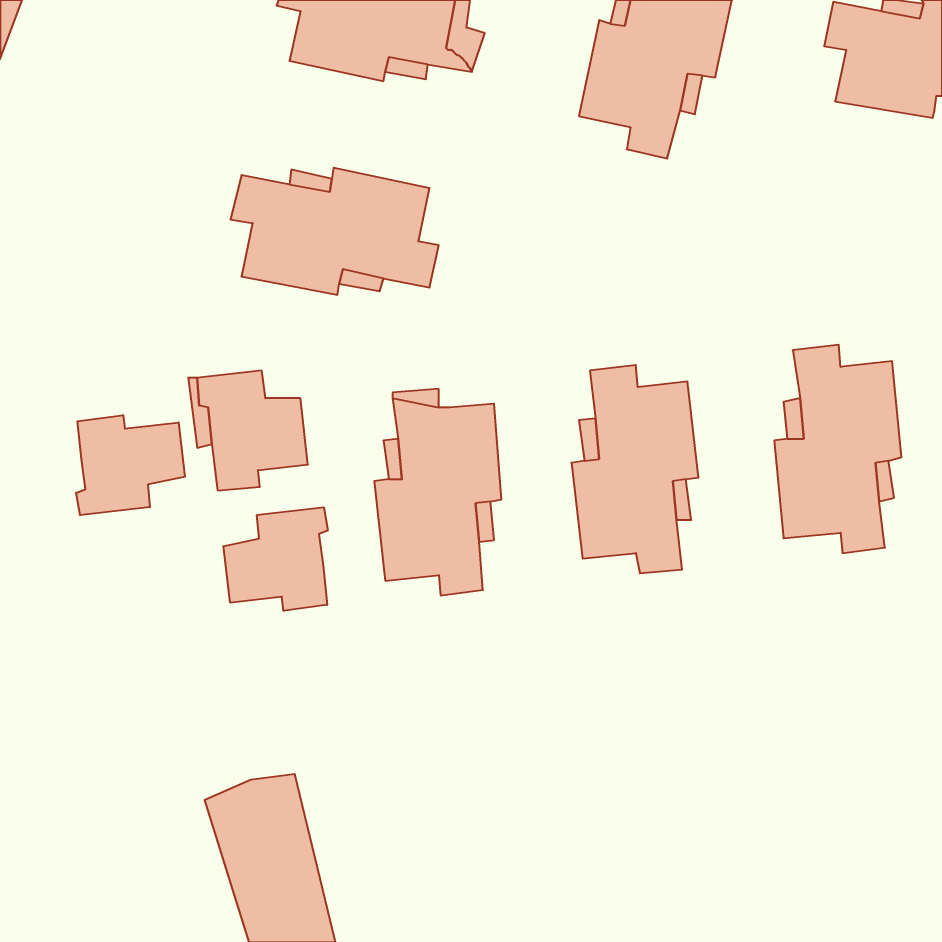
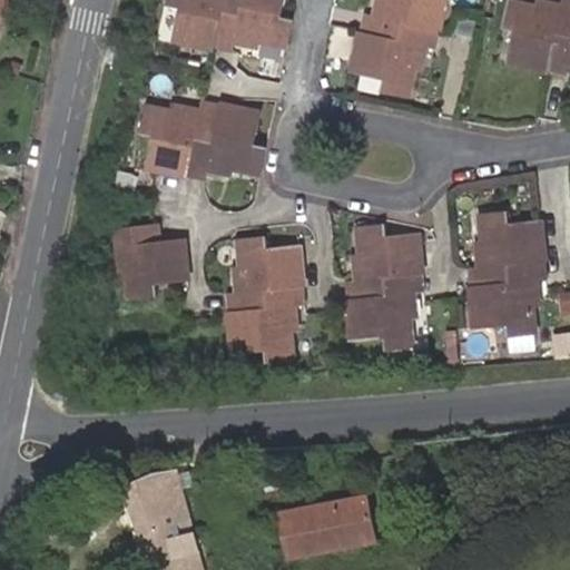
building: [76,415,185,515] -> none
building: [224,507,328,611] -> none
building: none -> [282,500,376,564]

